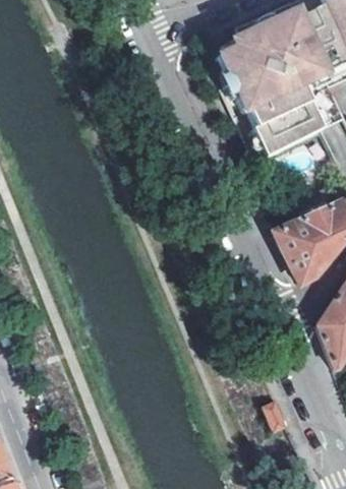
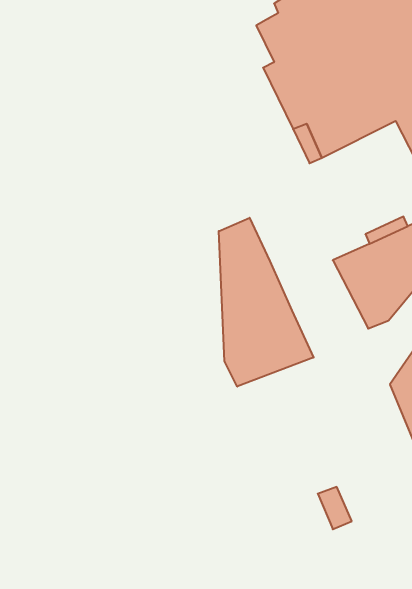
building: none -> [219,218,314,387]

